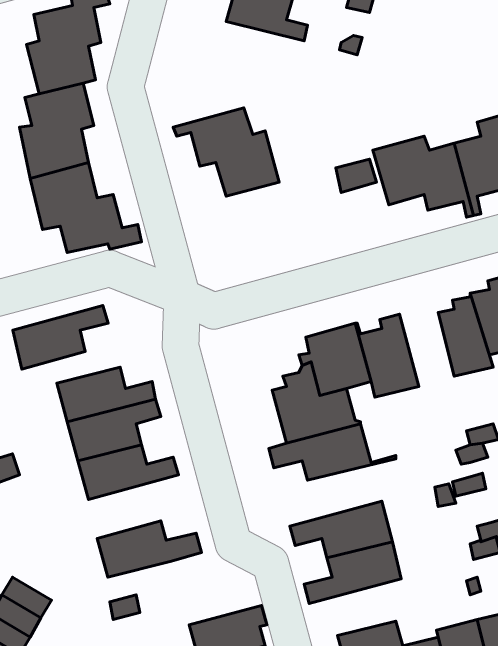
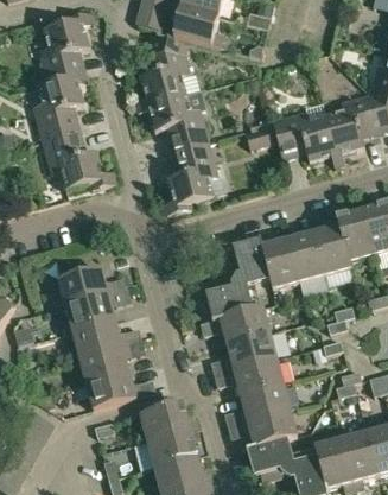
building: none -> [135,36,189,106]
building: none -> [163,142,217,215]
building: [13,306,108,369] -> [79,339,144,382]
building: none -> [288,228,325,280]
building: none -> [211,329,293,374]
building: none -> [140,402,196,440]
building: none -> [228,410,297,448]

